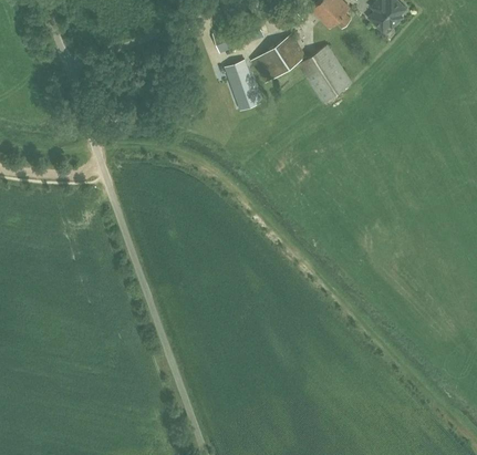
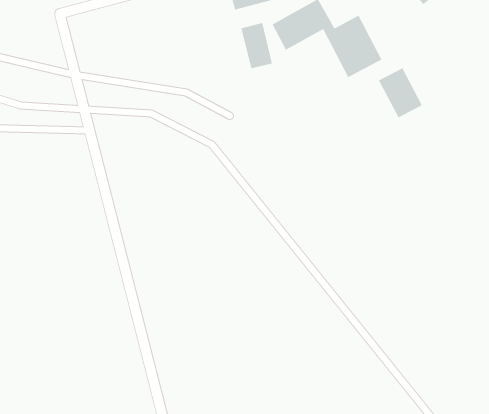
building: none -> [378,67,423,118]

